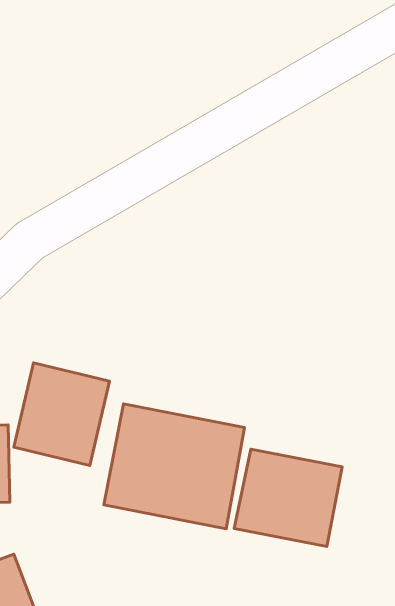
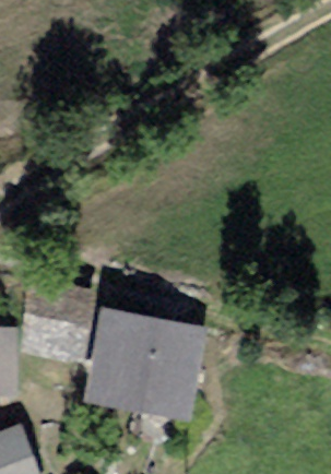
building: [234,449,342,546] -> none

